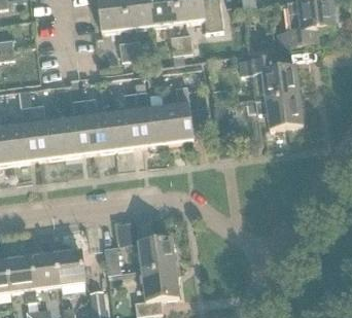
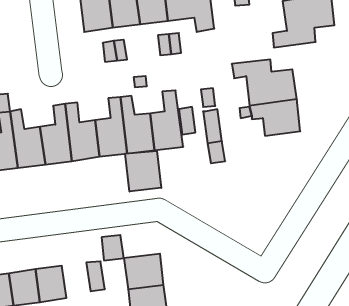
building: none -> [125,151,161,192]

